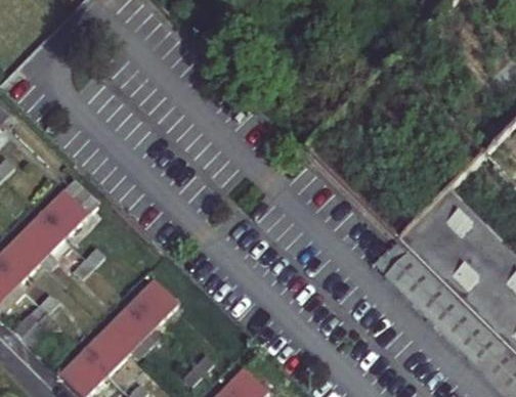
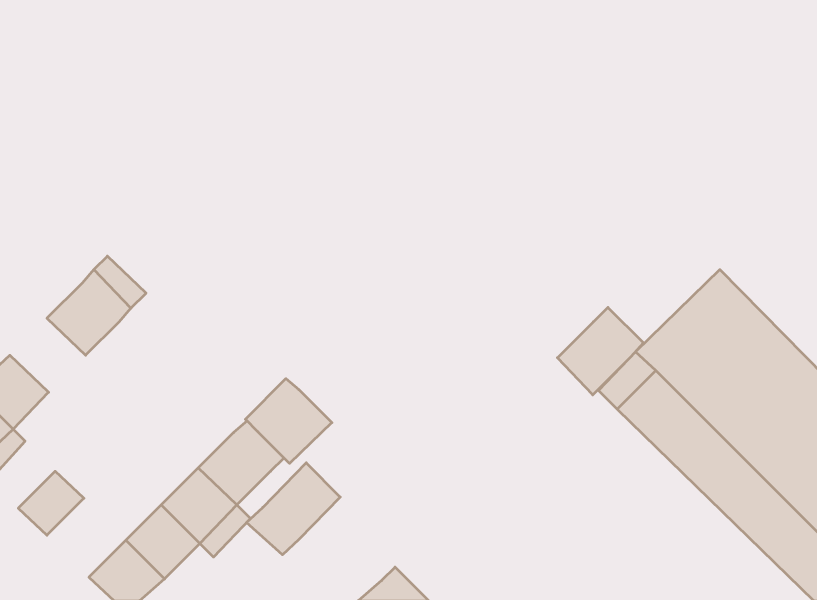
building: none -> [557,307,643,395]
building: [12,218,58,263] -> none
building: none -> [245,379,332,463]
building: none -> [246,463,340,555]

